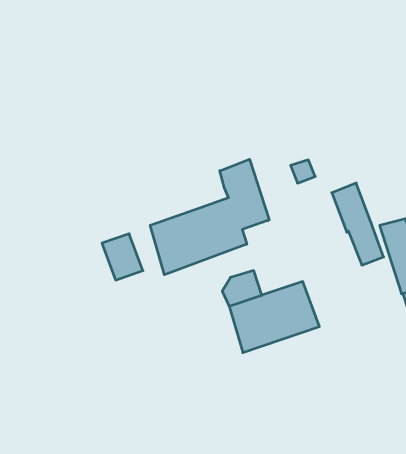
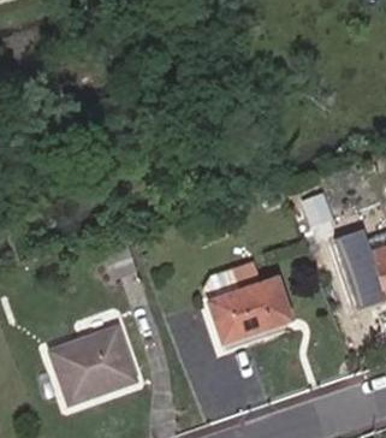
building: [150,159,269,275] -> none
building: none -> [46,324,132,399]

